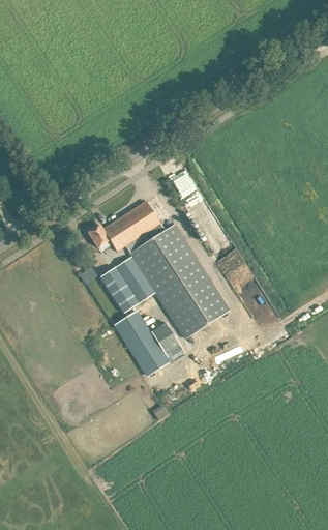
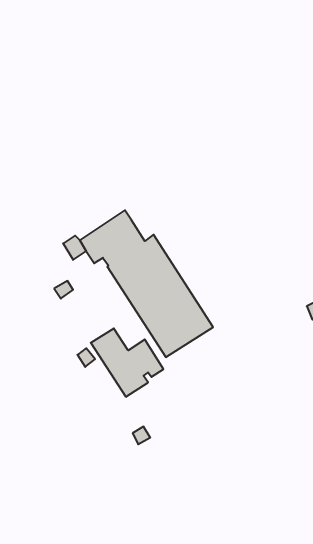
building: [100,258,153,312] -> none

